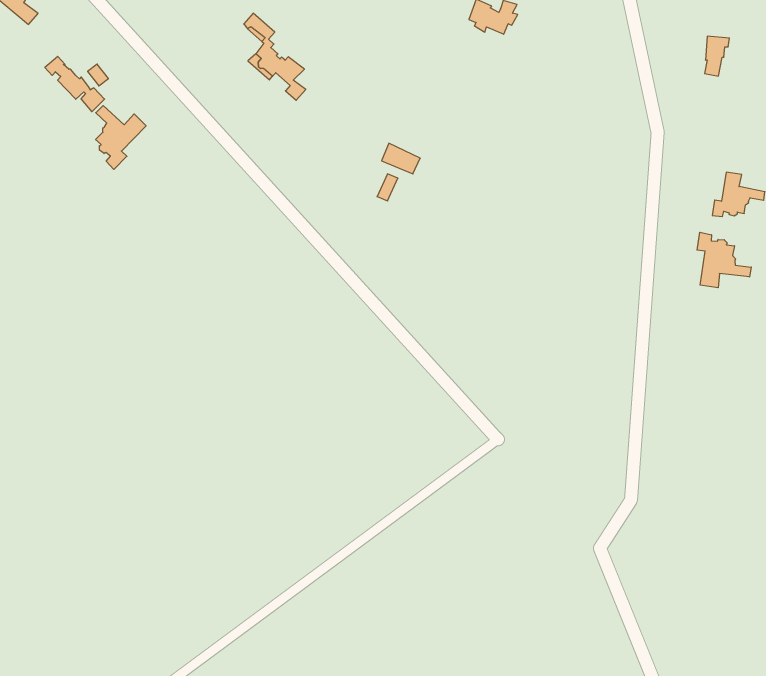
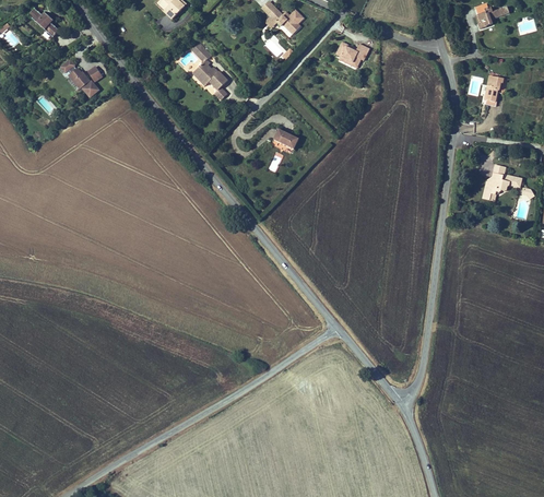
building: [96,106,146,169] -> none
building: [697,232,751,288] -> none

